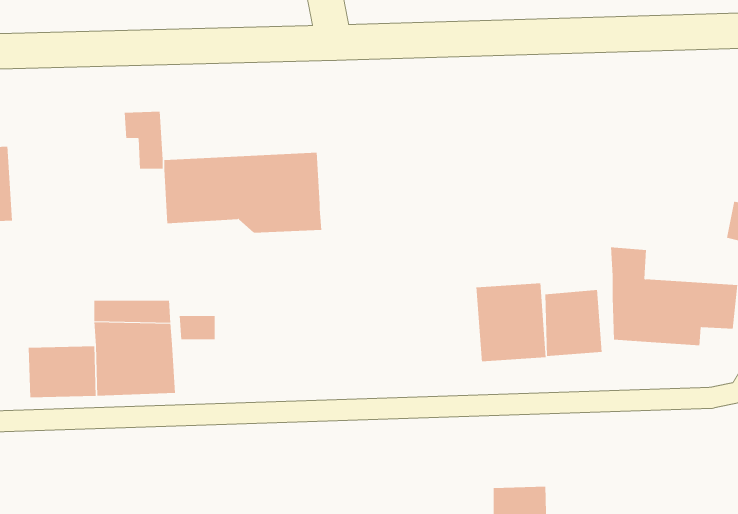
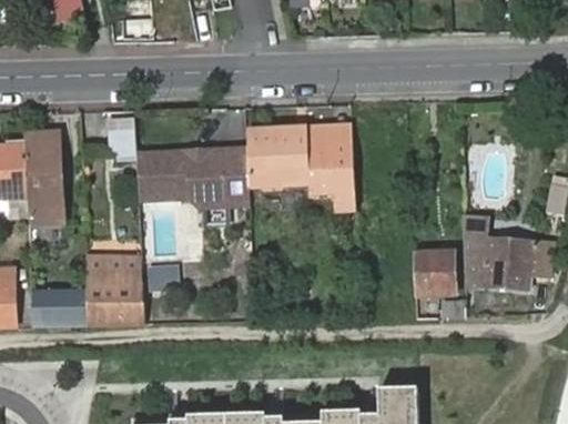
building: none -> [248,125,356,209]
building: none -> [23,137,62,224]
building: [476,283,546,362] -> none

